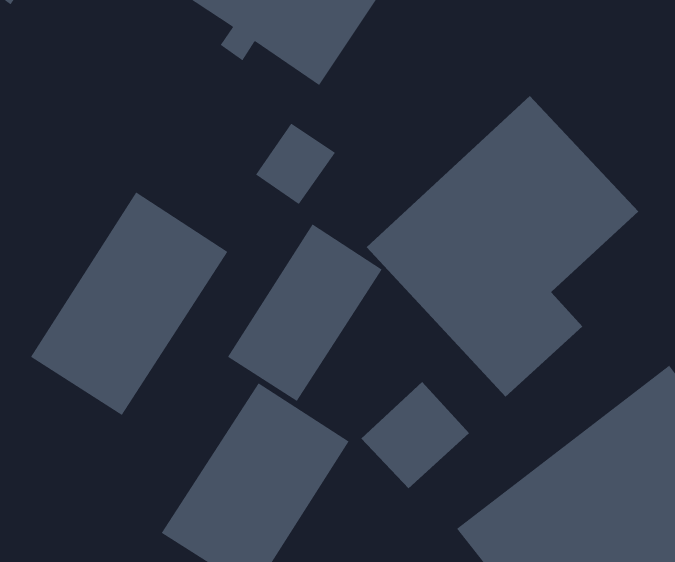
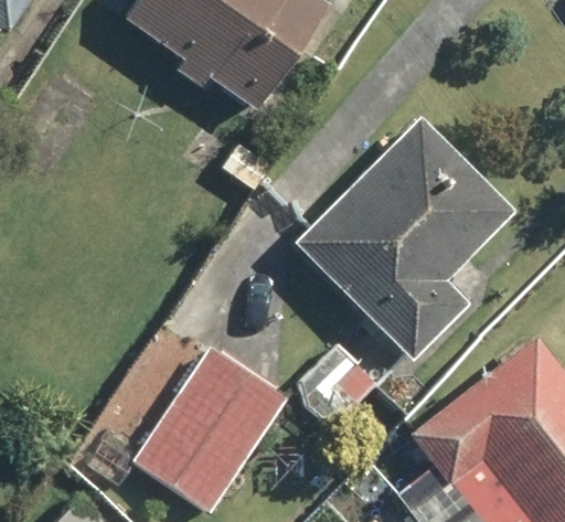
building: [30,191,228,416] -> none
building: [227,223,382,402] -> none

